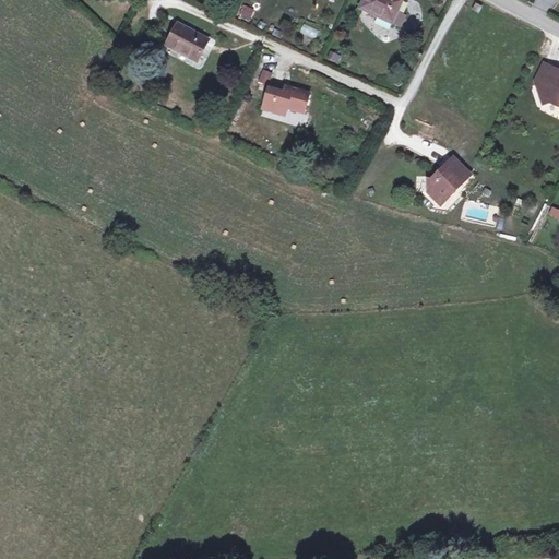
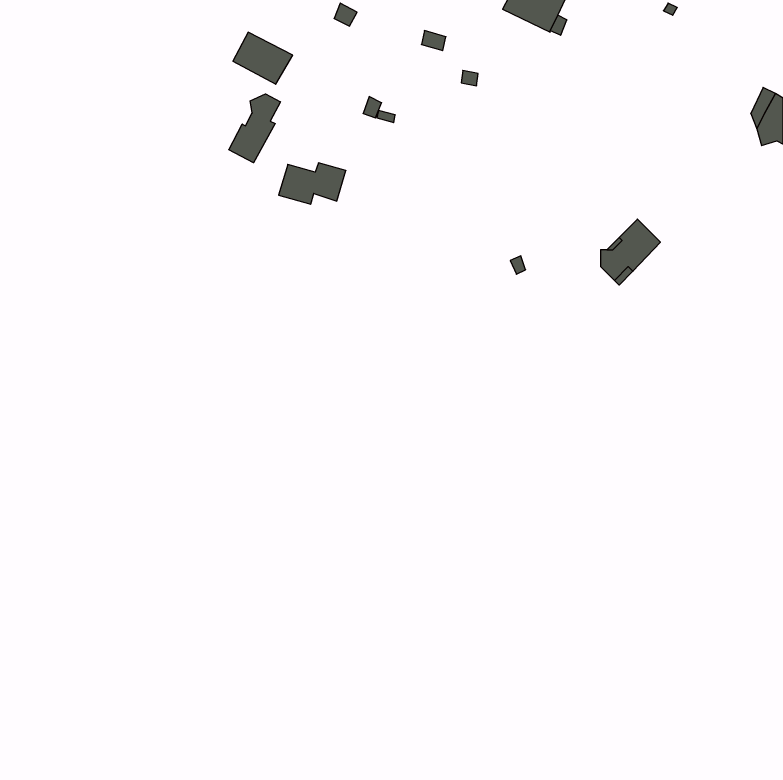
building: none -> [229,94,280,163]
building: [262,85,310,115] -> [279,163,346,204]

